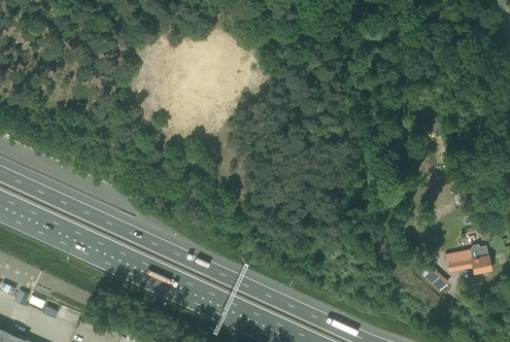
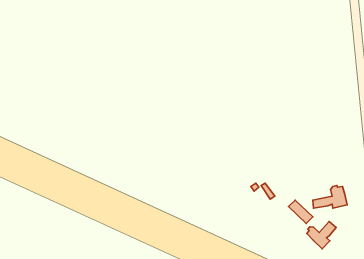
building: none -> [307,222,336,249]

